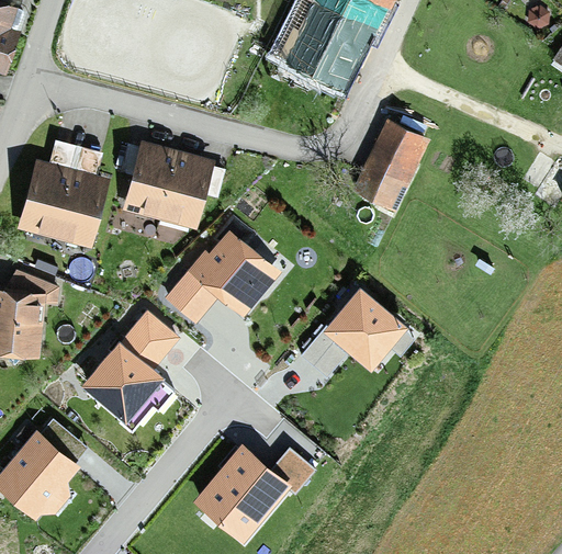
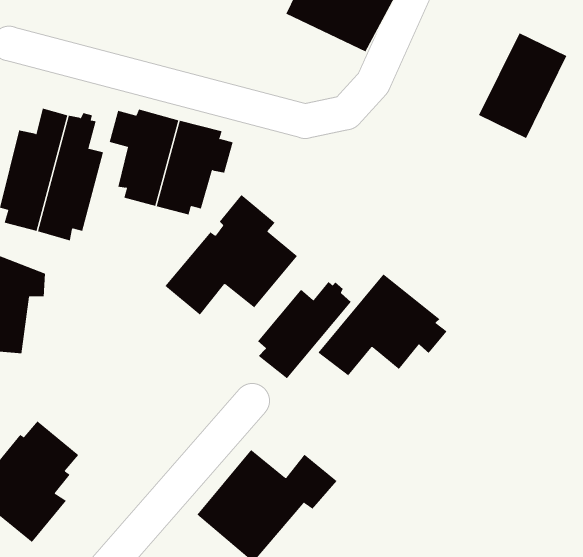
building: [350,117,429,212] -> [478,32,567,139]
building: none -> [257,281,351,379]
building: [80,308,181,433] -> none

